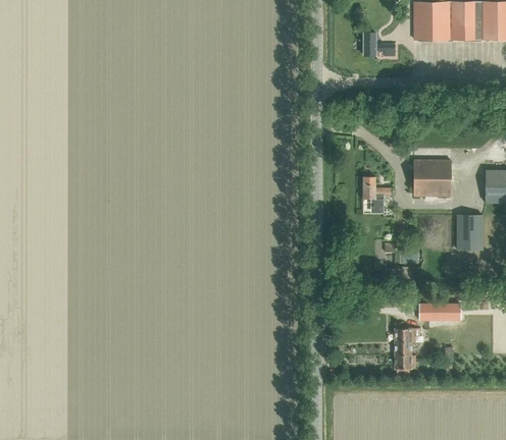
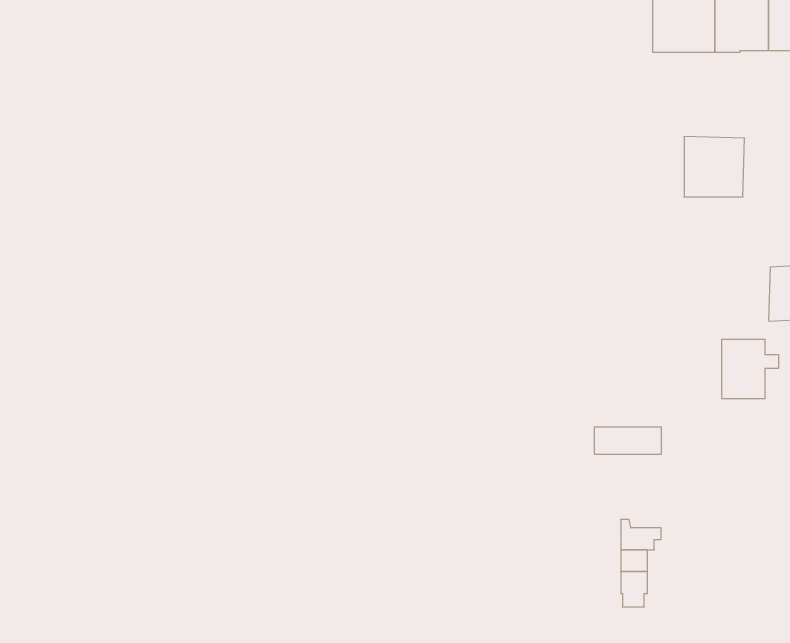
building: [365,33,395,56] -> none
building: [414,159,451,196] -> [684,136,745,197]
building: [363,176,391,212] -> none
building: [419,303,460,319] -> [594,427,661,454]

